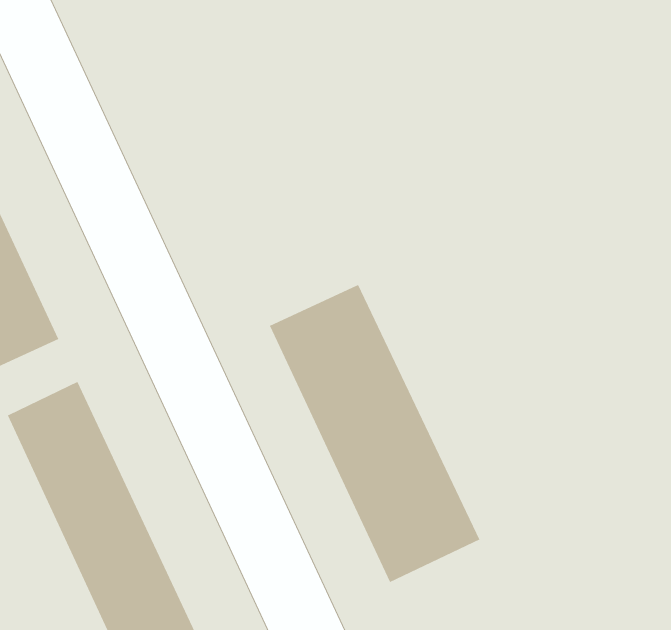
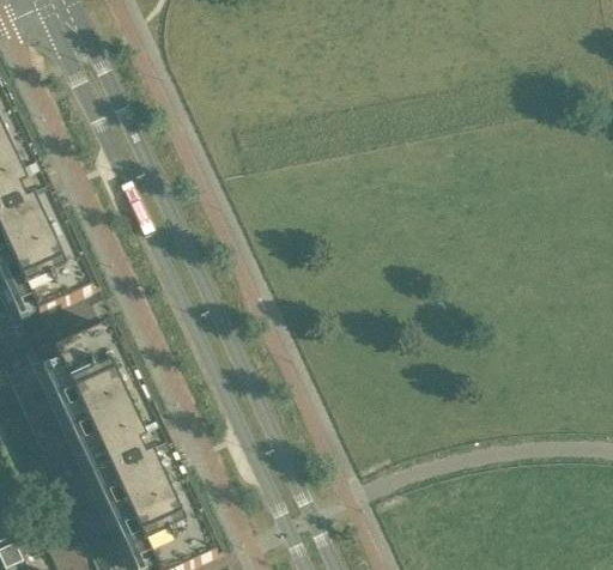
building: [269,284,480,583] -> none

